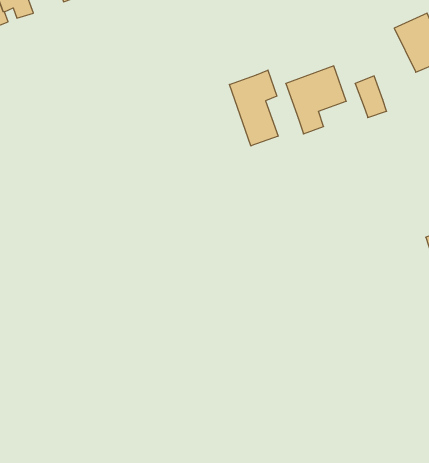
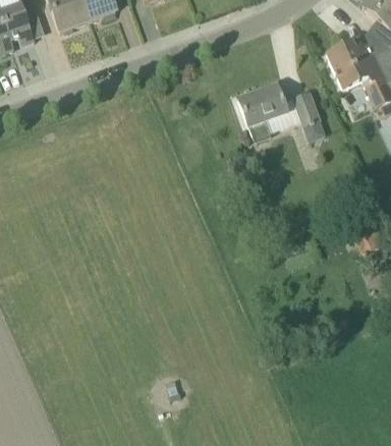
building: [229,70,278,146] -> none

